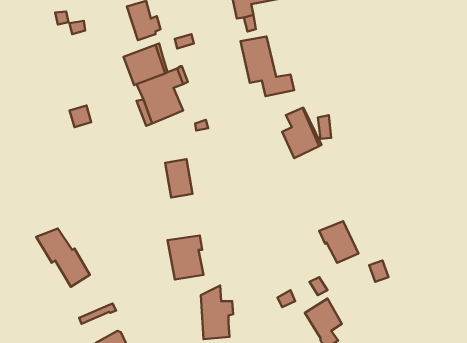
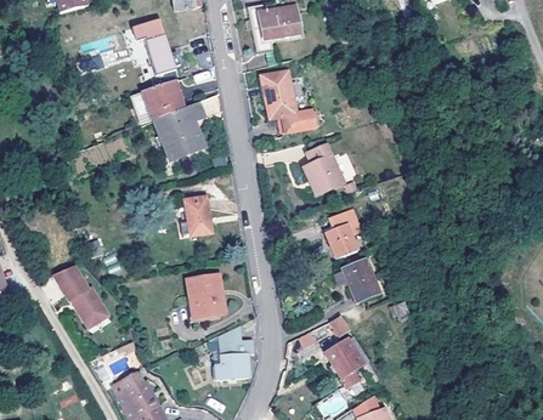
building: none -> [324,208,361,259]

